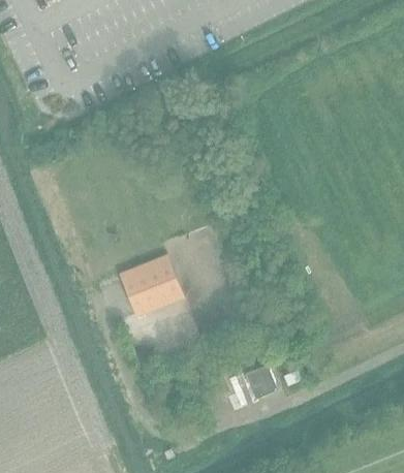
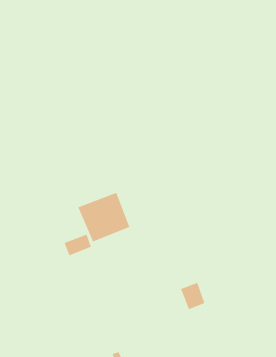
building: none -> [64,234,92,256]

